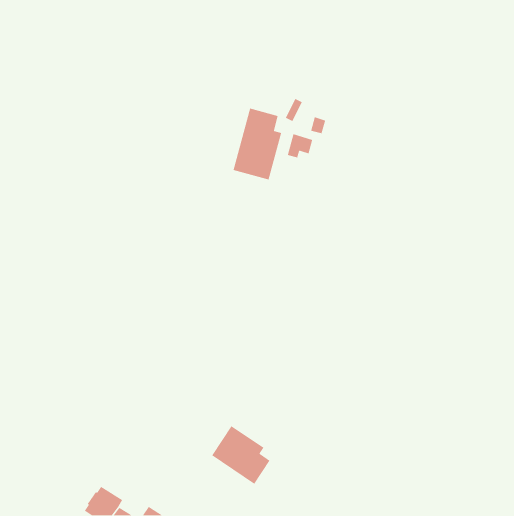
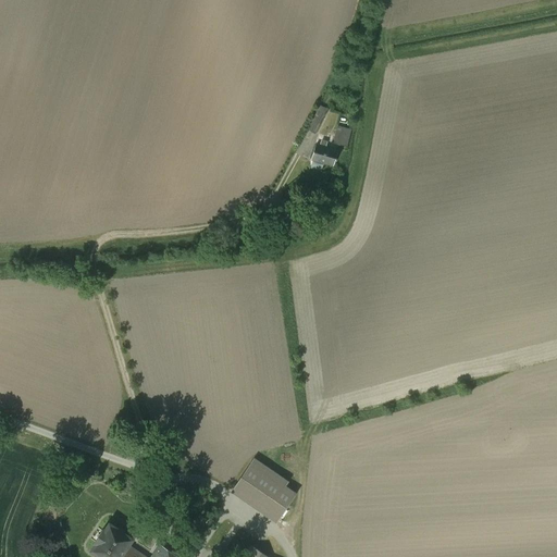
building: [233,108,282,180] -> none

